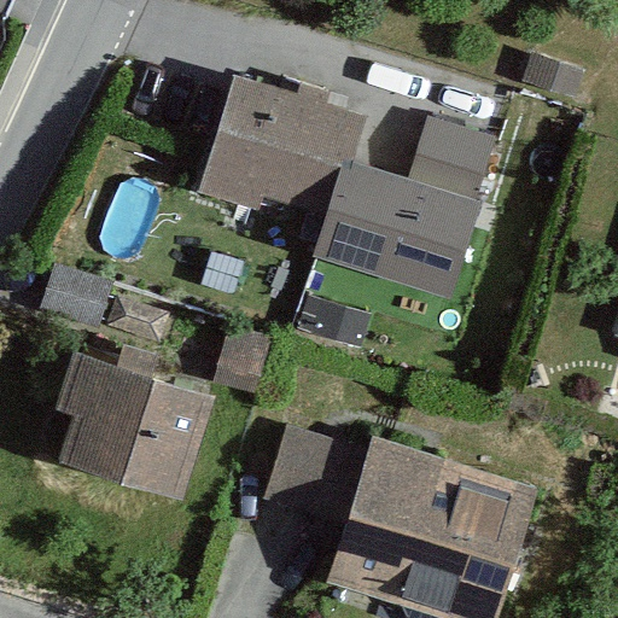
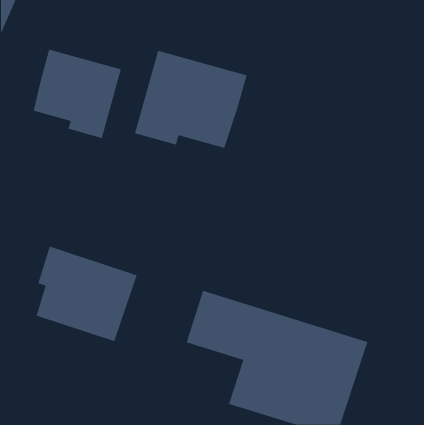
building: none -> [33,49,121,139]
building: [316,116,499,295] -> none

